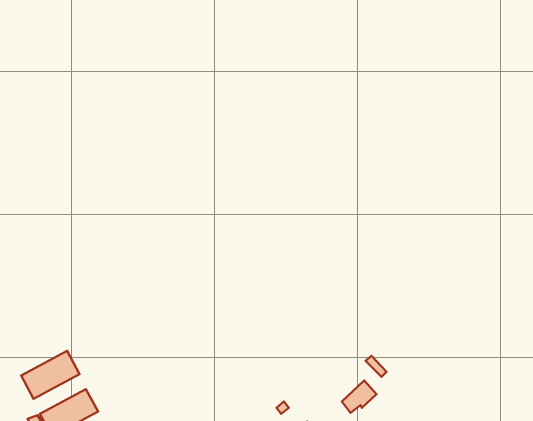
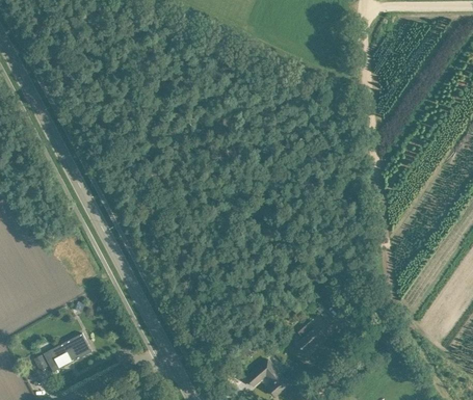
building: [21,351,79,399] -> none

